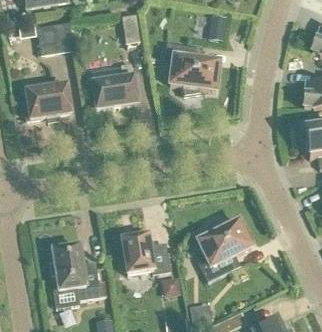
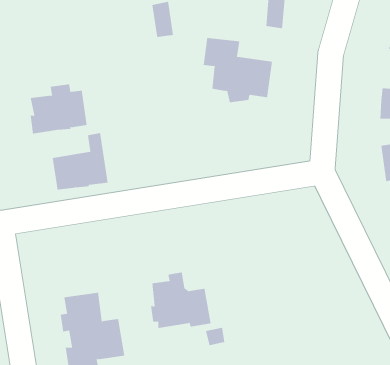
building: [39,23,70,51] -> none
building: [92,61,137,107] -> [52,133,108,190]
building: [197,219,251,280] -> none

